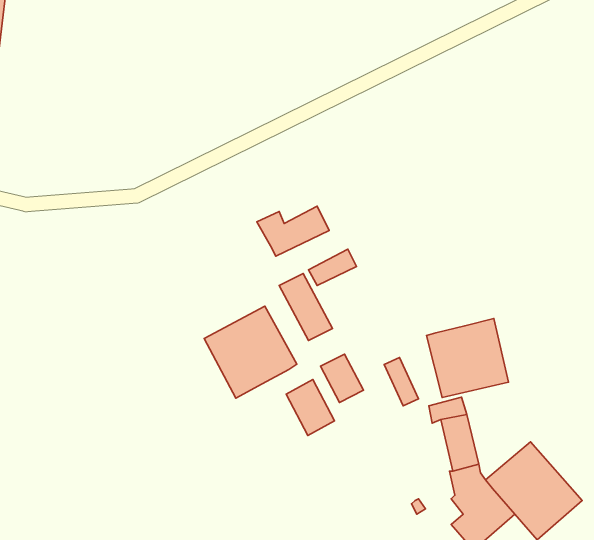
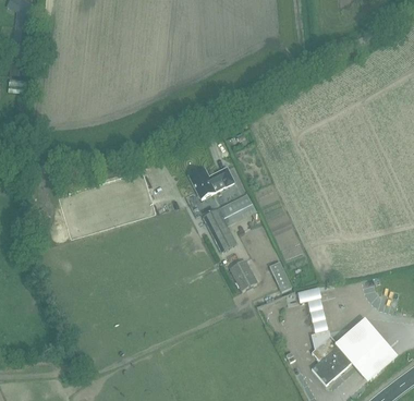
building: [204,306,297,398] -> none
building: [426,319,509,398] -> none
building: [286,379,335,435] -> none

